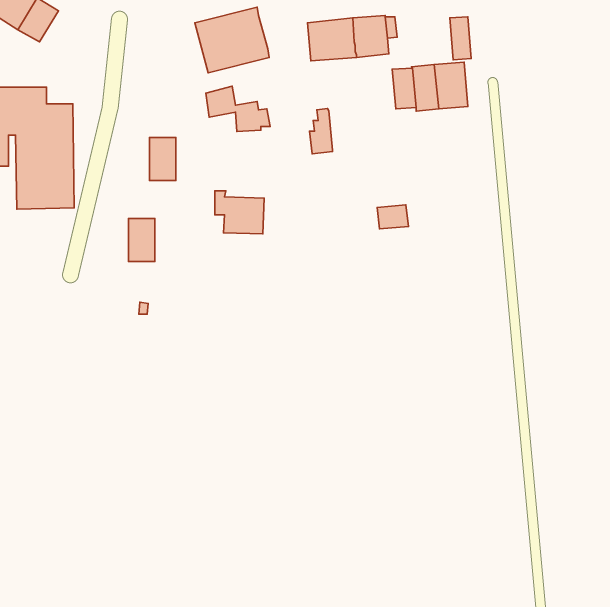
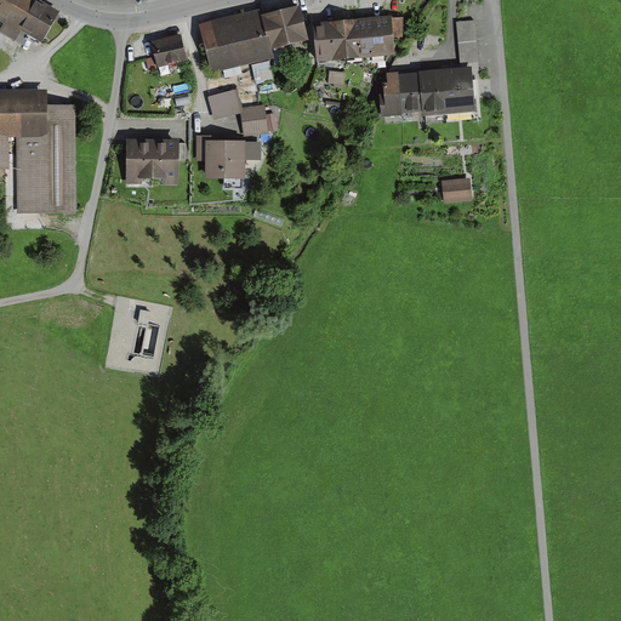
building: none -> [262,6,308,50]
building: none -> [149,33,187,67]
building: [310,108,332,154] -> [378,68,401,114]
building: [215,191,264,234] -> [195,135,245,178]
building: [377,205,408,229] -> [440,177,472,201]
building: [129,218,155,261] -> [125,139,152,183]

